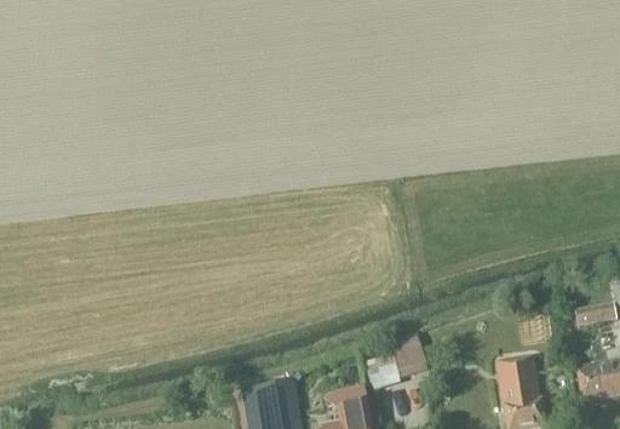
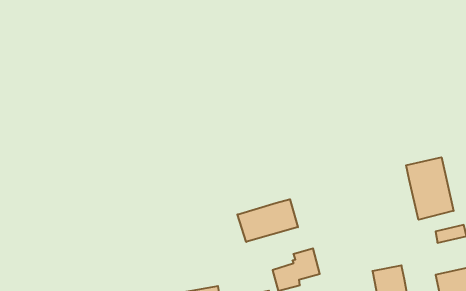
building: none -> [406,157,454,220]
building: none -> [237,199,298,242]

